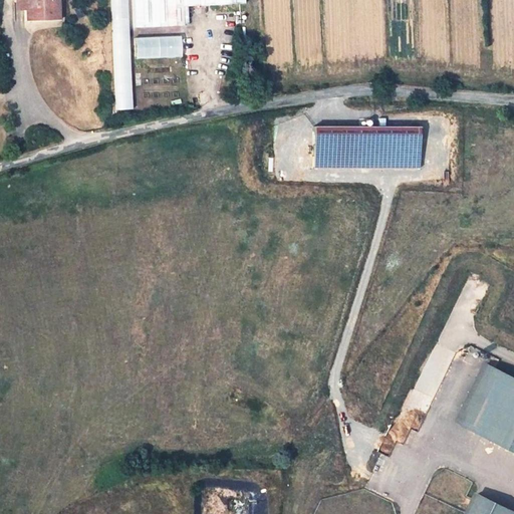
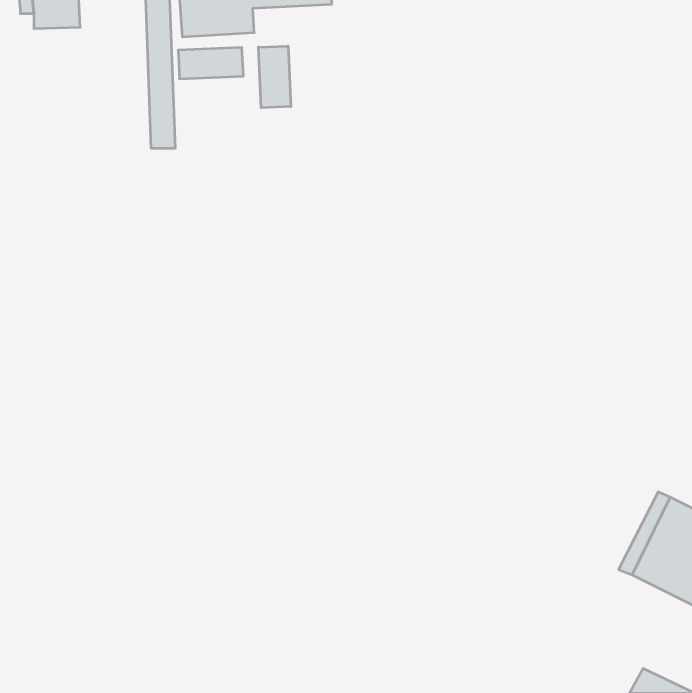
building: none -> [258,46,291,108]
building: [316,125,425,167] -> none

